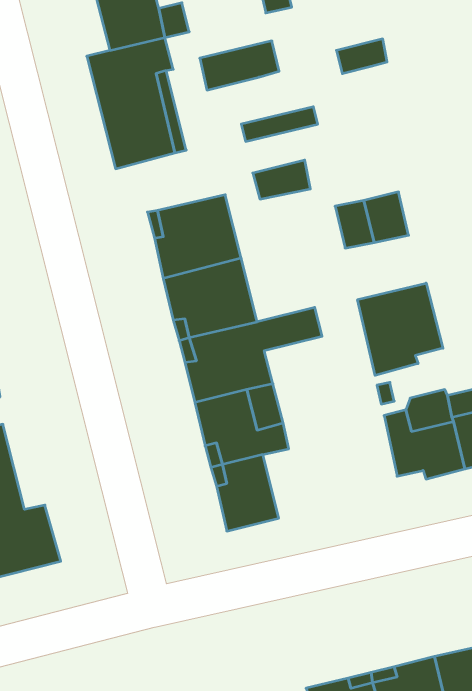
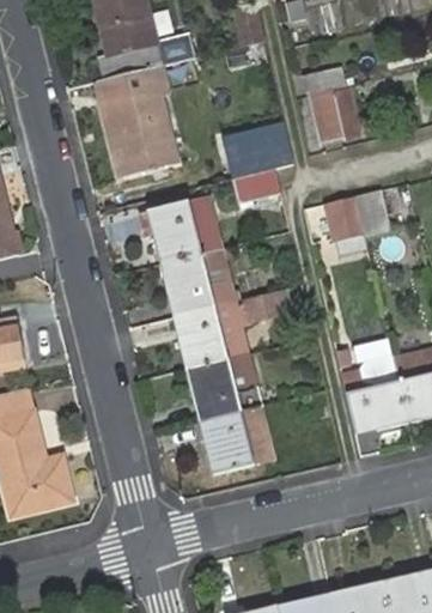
building: [200,41,279,90] -> [227,138,293,178]
building: none -> [308,86,352,140]
building: none -> [354,188,389,236]
building: [358,283,443,375] -> none

